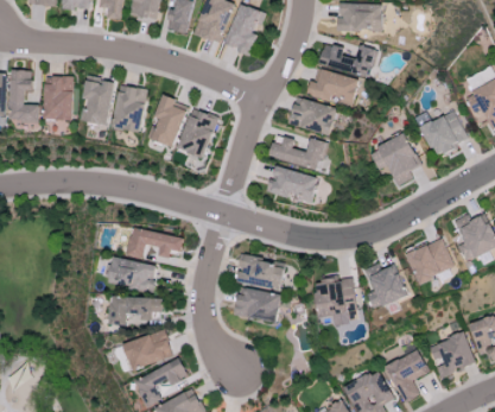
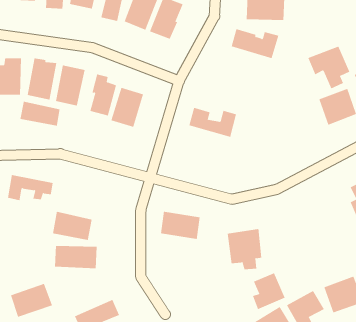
building: [307,69,358,106] -> none
building: [287,100,335,134] -> none
building: none -> [20,101,60,127]
building: [369,135,419,186] -> [308,46,350,89]
building: [266,165,316,204] -> none
building: [128,228,183,259] -> [7,175,54,201]
building: [406,240,453,284] -> none
building: [368,266,407,310] -> [252,273,286,310]
building: [234,286,280,323] -> none
building: [122,330,172,370] -> [10,283,53,317]

